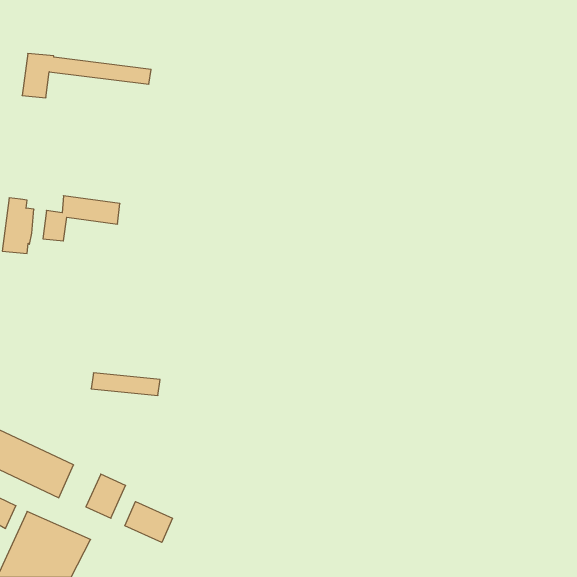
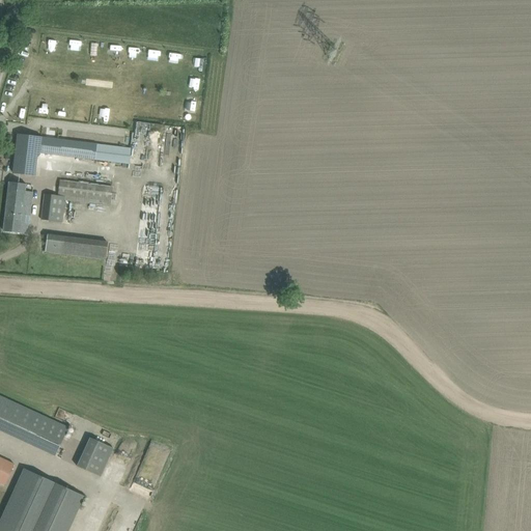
building: [22,54,151,98] -> [11,134,130,174]
building: [91,373,160,395] -> [47,236,110,257]
building: [125,502,172,542] -> none

